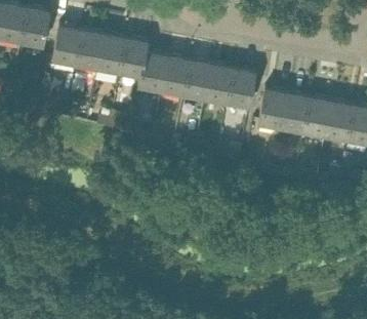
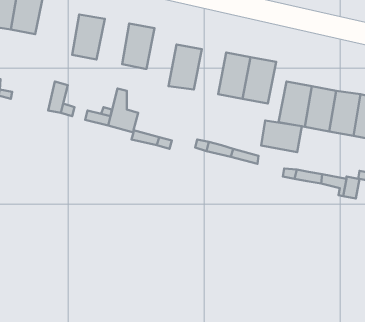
building: [53,27,82,67] -> none
building: [97,35,126,75] -> none
building: [138,53,168,94] -> none
building: [184,62,212,102] -> none
building: none -> [261,121,302,152]

